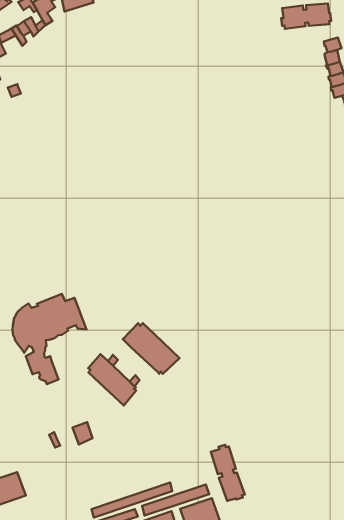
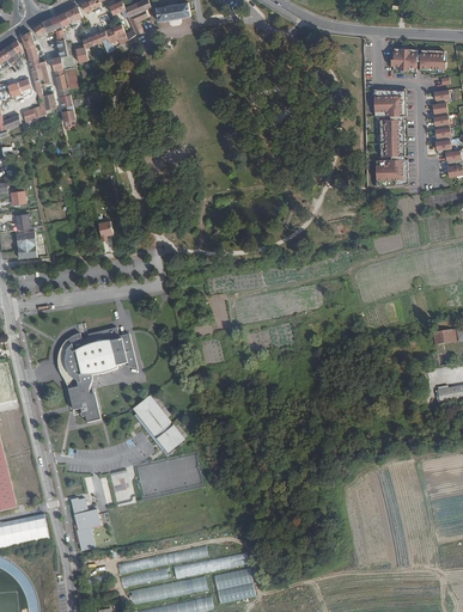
building: none -> [373,90,407,188]
building: [123,323,179,374] -> none
building: [211,445,245,501] -> none
building: none -> [68,497,99,550]

